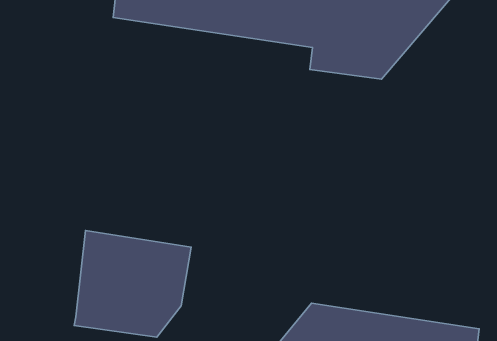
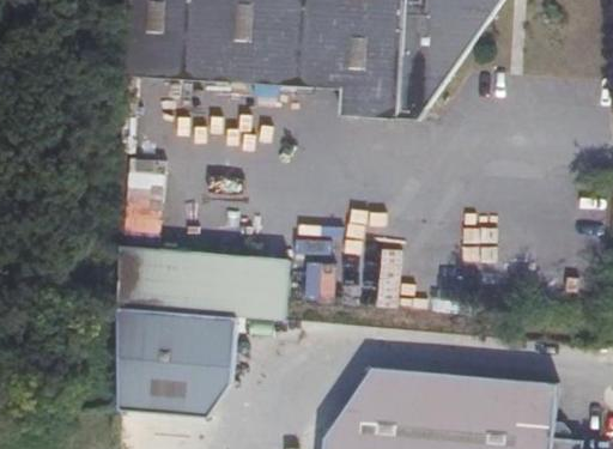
building: none -> [119,245,283,318]

